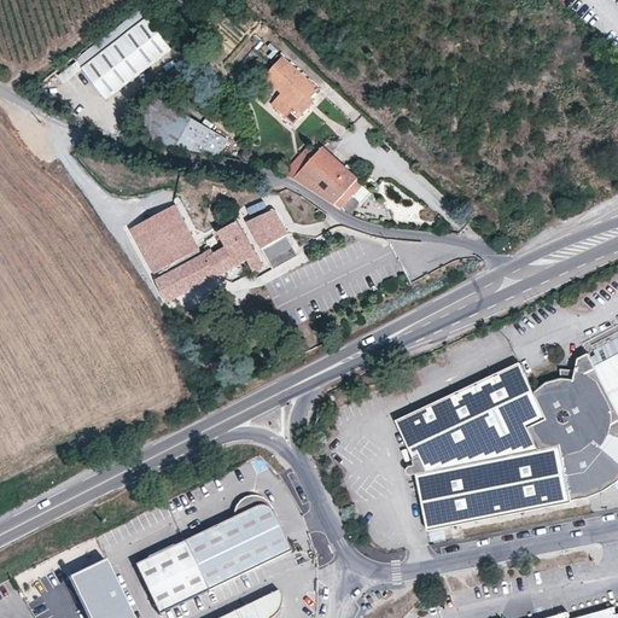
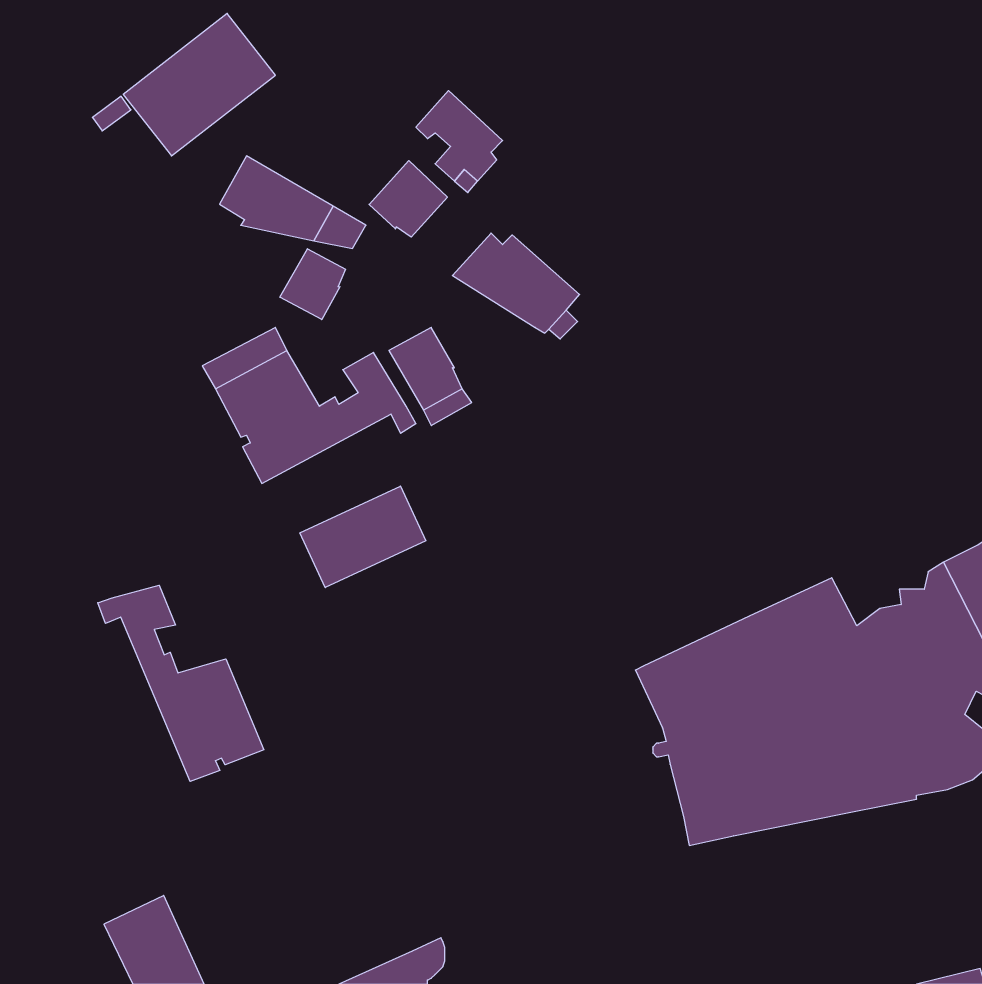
building: none -> [369,161,447,237]
building: none -> [280,249,345,320]
building: none -> [300,486,426,588]
building: none -> [98,585,264,781]
building: [134,494,292,612] -> none

